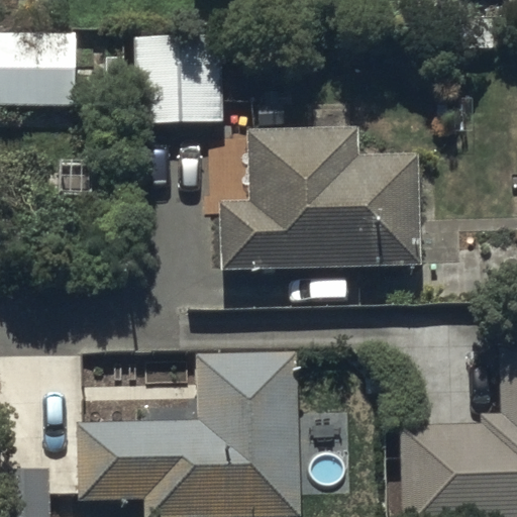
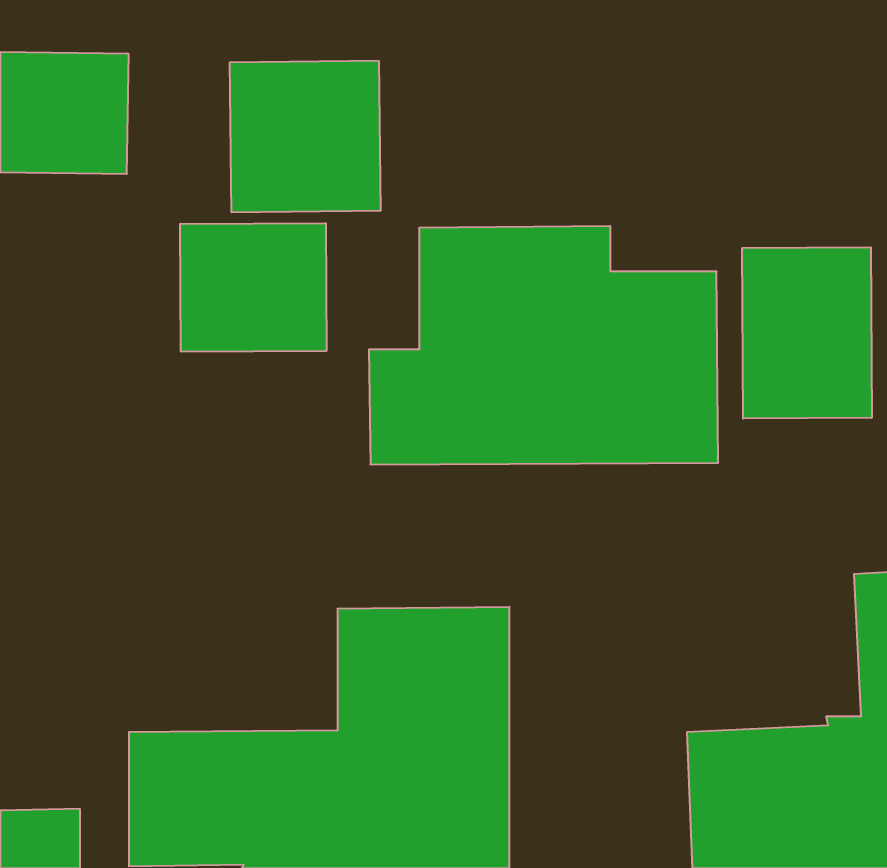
building: none -> [180,223,326,352]
building: none -> [742,247,872,419]

